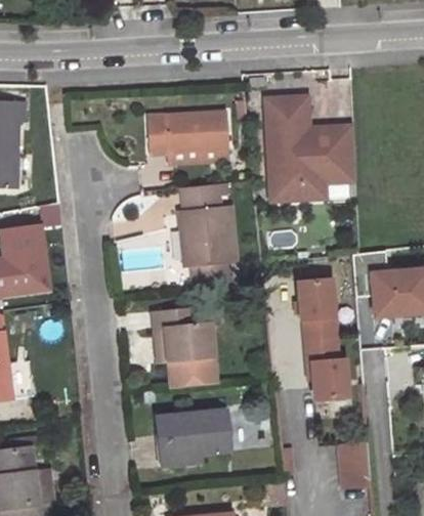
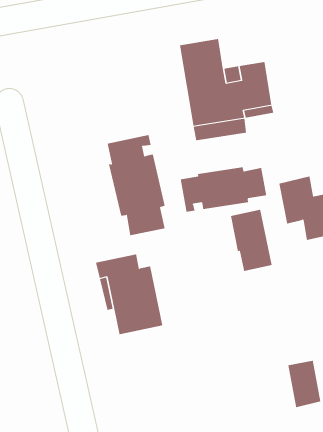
building: [149,111,229,163] -> none
building: none -> [180,166,267,213]
building: [305,336,347,397] -> none
building: [156,407,228,462] -> none

